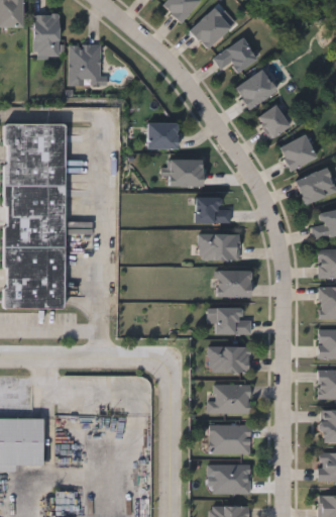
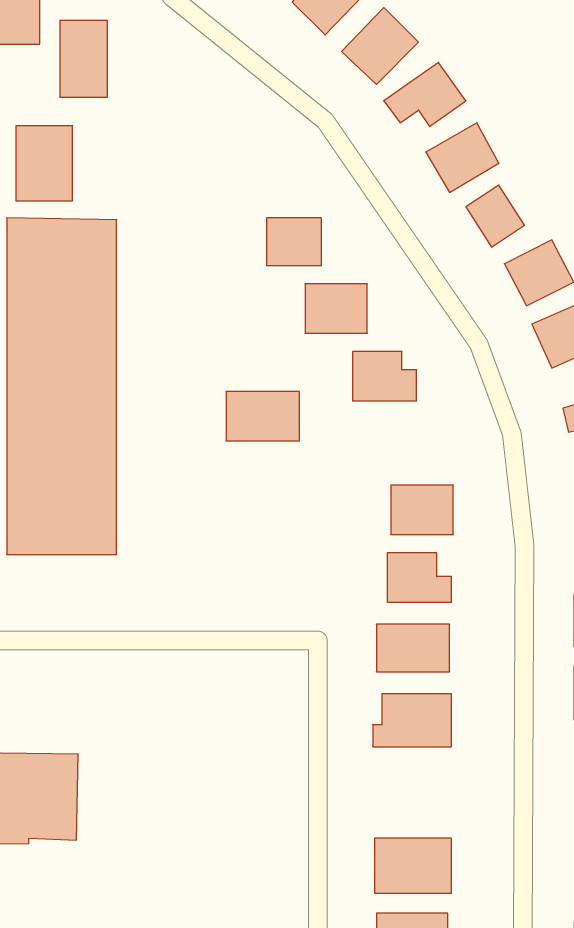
building: [70,44,101,86] -> [16,126,73,201]
building: [199,233,239,261] -> [226,392,299,441]
building: [209,425,250,454] -> none

